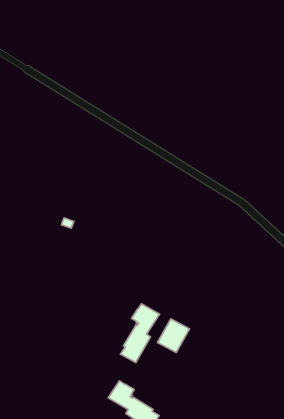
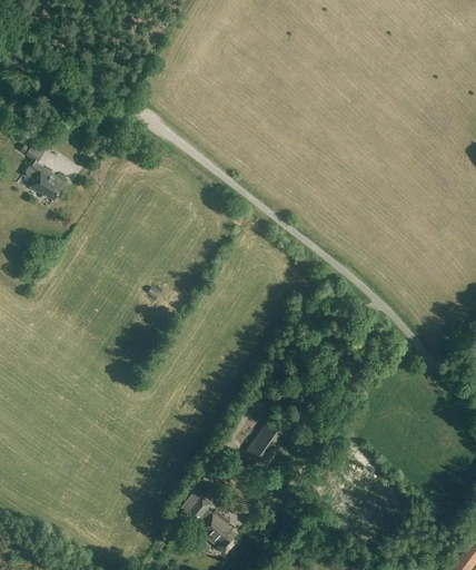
building: [121,304,159,362] -> none

